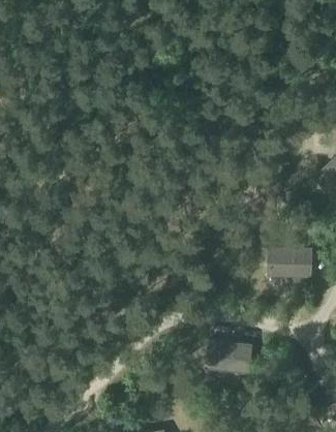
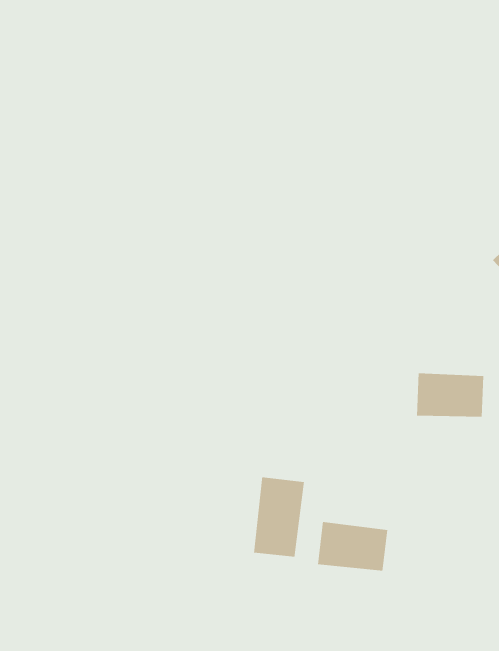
building: none -> [254,476,305,558]

